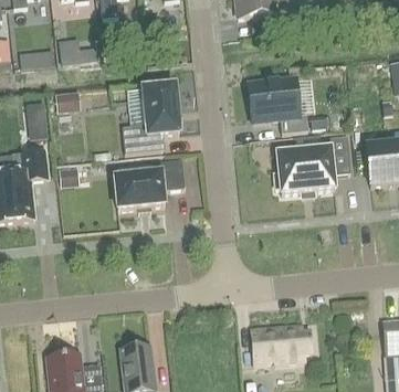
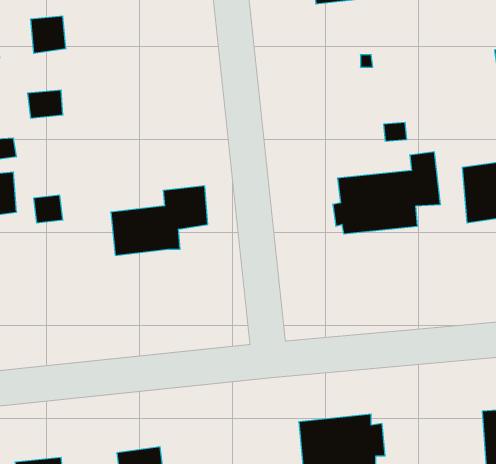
building: [249,78,308,131] -> none
building: [123,84,179,151] -> none

